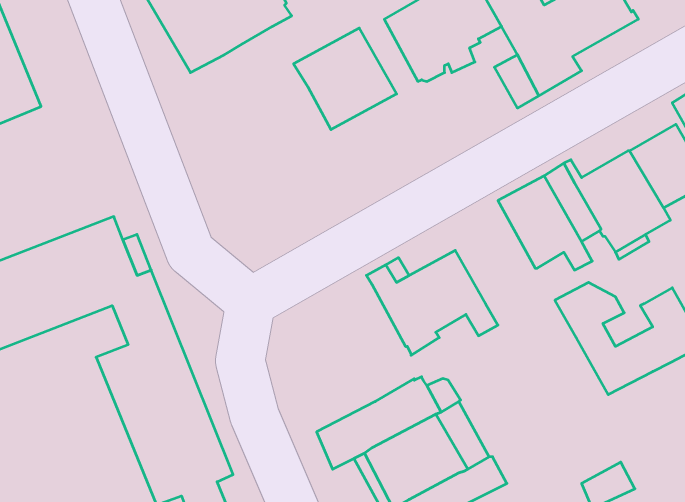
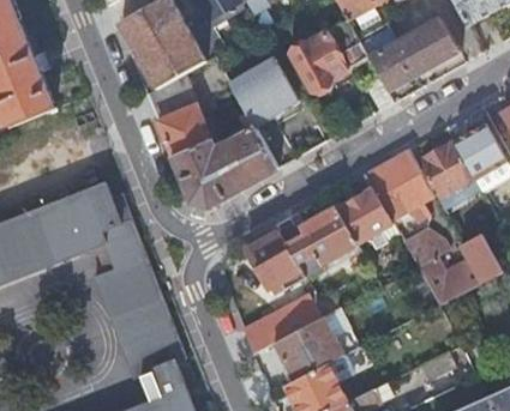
building: none -> [145,67,275,206]
building: none -> [335,173,398,248]
building: none -> [245,229,305,288]

